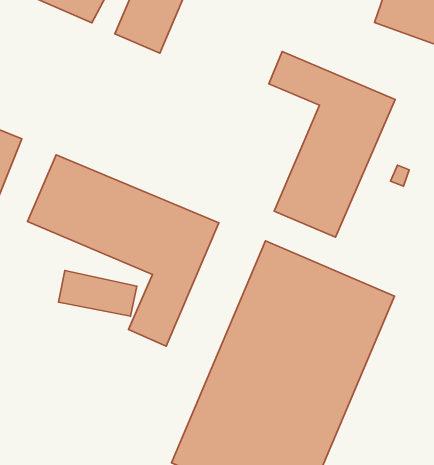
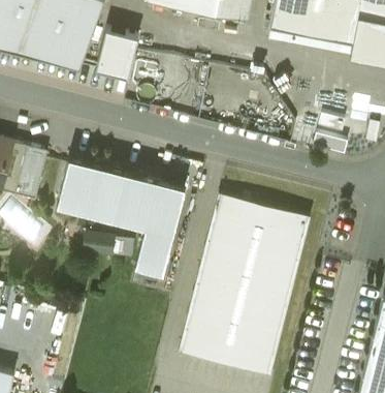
building: [269,52,395,237] -> none

